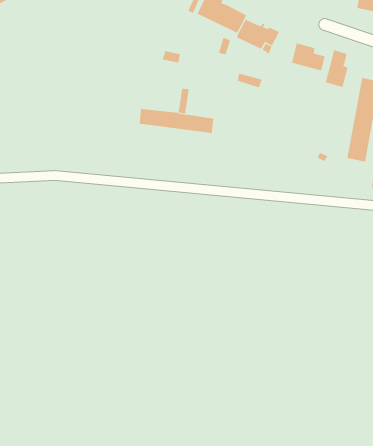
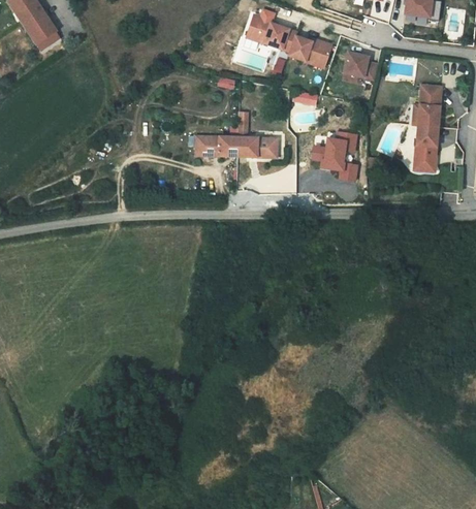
building: [325,50,348,88] -> none
building: none -> [313,131,358,180]

